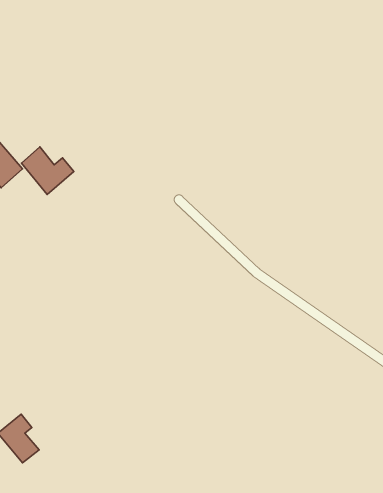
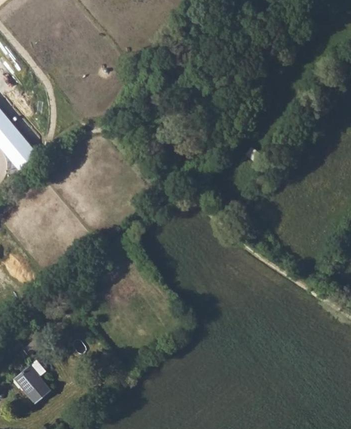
building: [21,147,74,195] -> none

